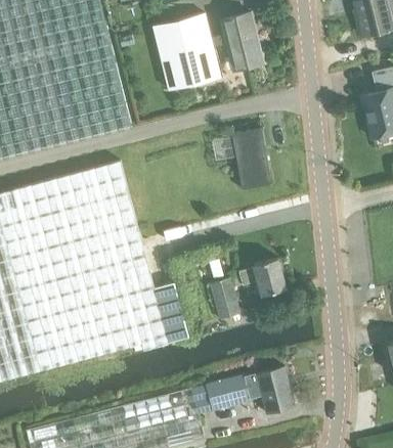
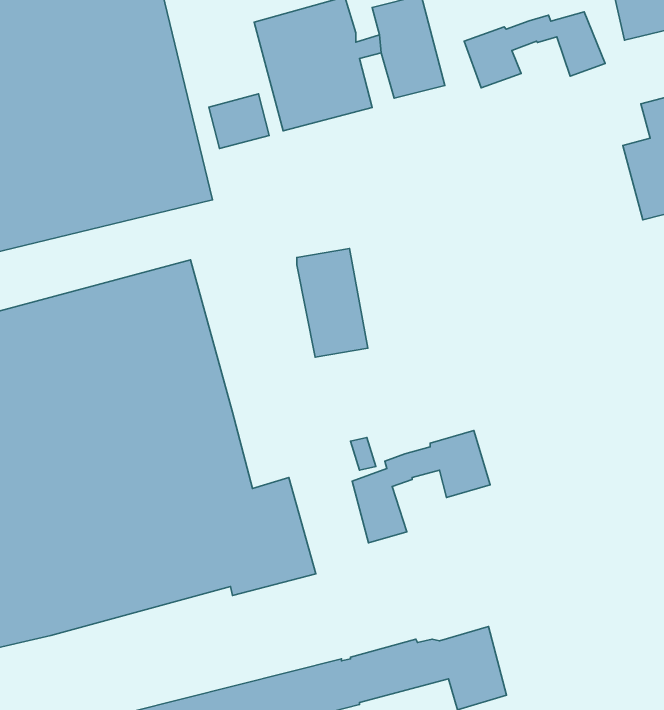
building: none -> [464,12,605,88]
building: none -> [209,94,269,149]
building: [231,129,271,190] -> [297,248,368,357]

